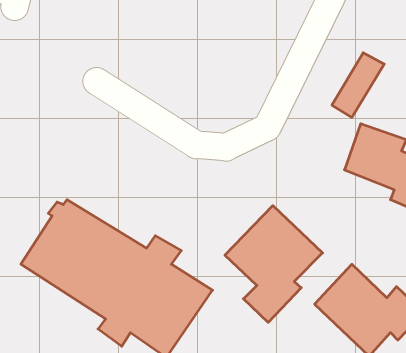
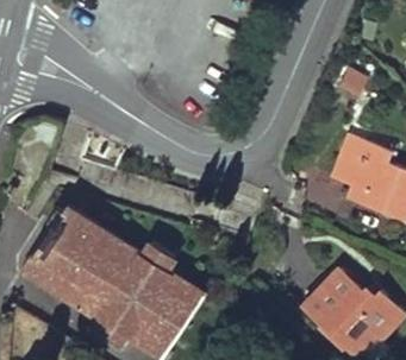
building: [225,206,323,322] -> none

